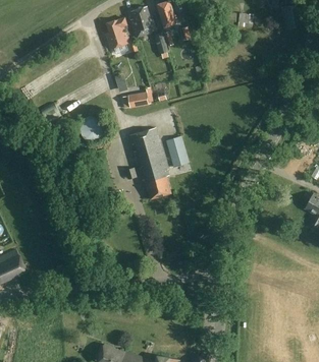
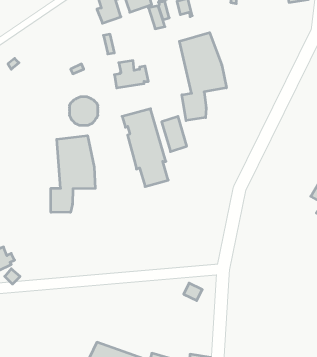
building: none -> [179,33,226,121]
building: none -> [51,136,95,212]

